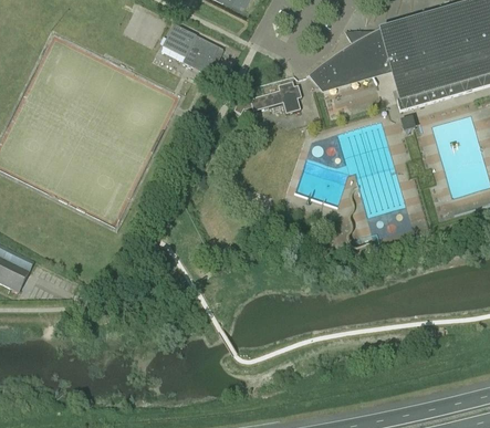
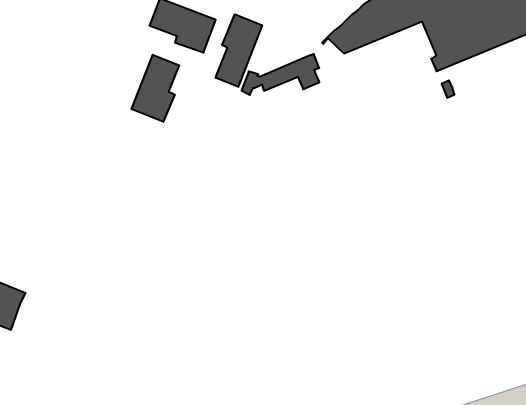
building: none -> [216,14,262,87]
building: none -> [132,55,179,122]

